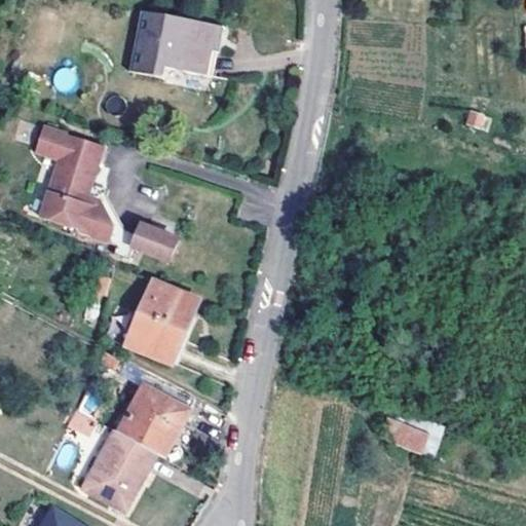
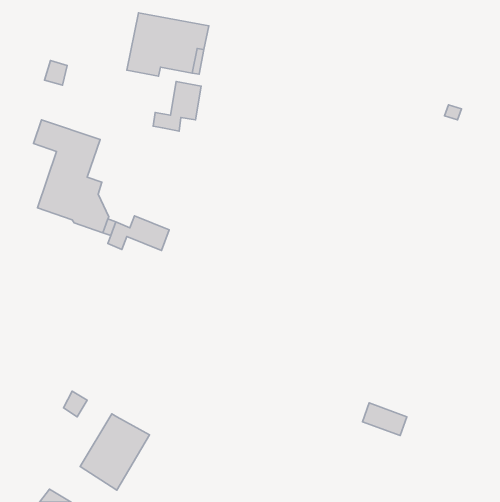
building: none -> [153,82,201,131]
building: [127,283,197,363] -> none
building: [121,378,193,455] -> none

